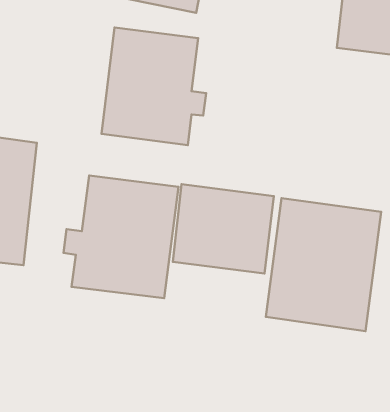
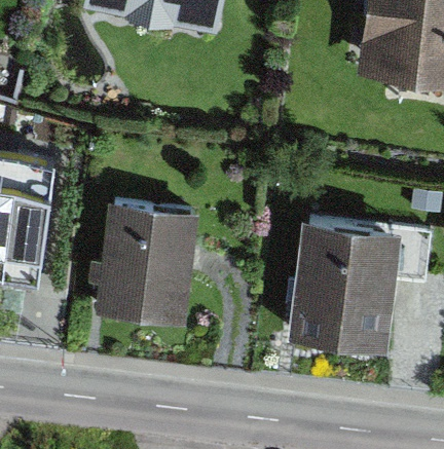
building: [101,28,206,145] -> none
building: [173,184,274,273] -> none

